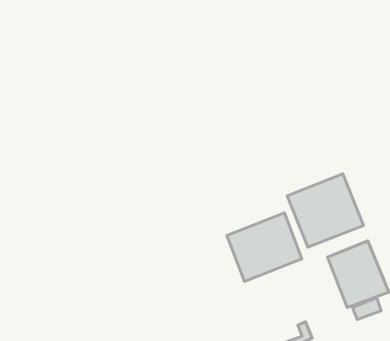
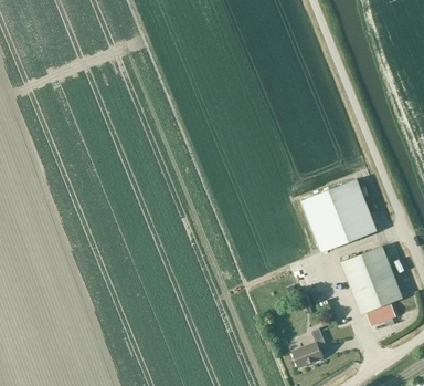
building: [227,213,302,282] -> none

